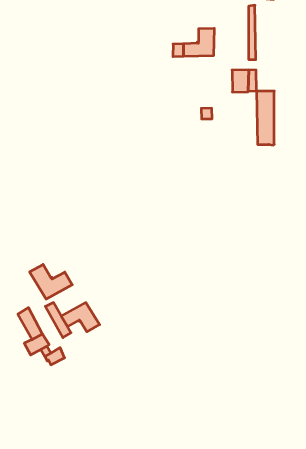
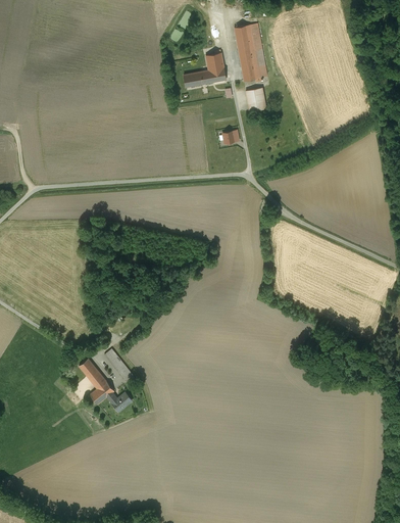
building: [257,91,274,145] -> [233,25,259,80]
building: [30,264,72,299] -> none
building: [61,303,100,332] -> none

